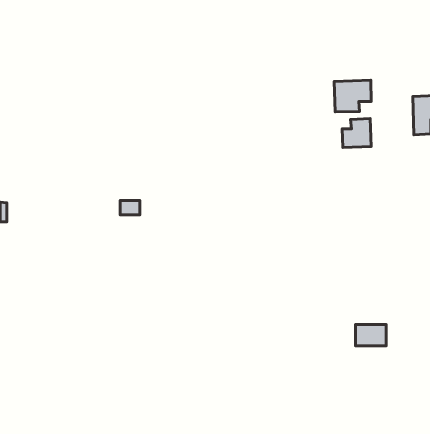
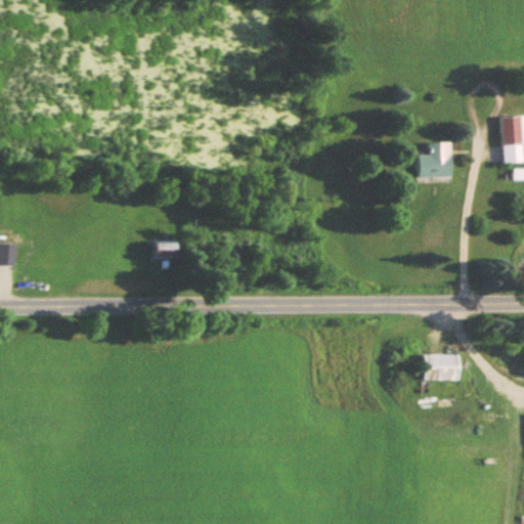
building: [334,80,371,112] -> none
building: [356,325,386,346] -> [423,354,460,380]

